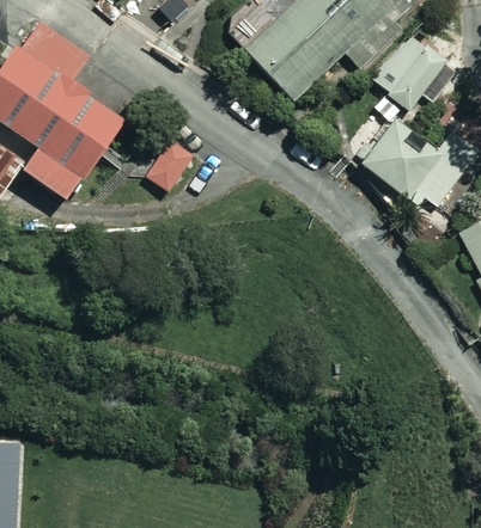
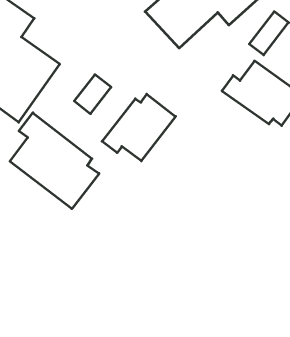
building: none -> [102,94,176,161]
building: none -> [10,113,99,209]

